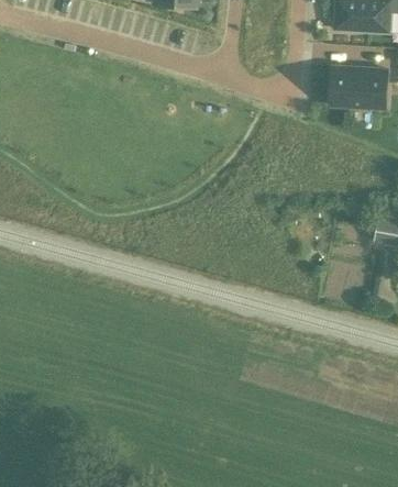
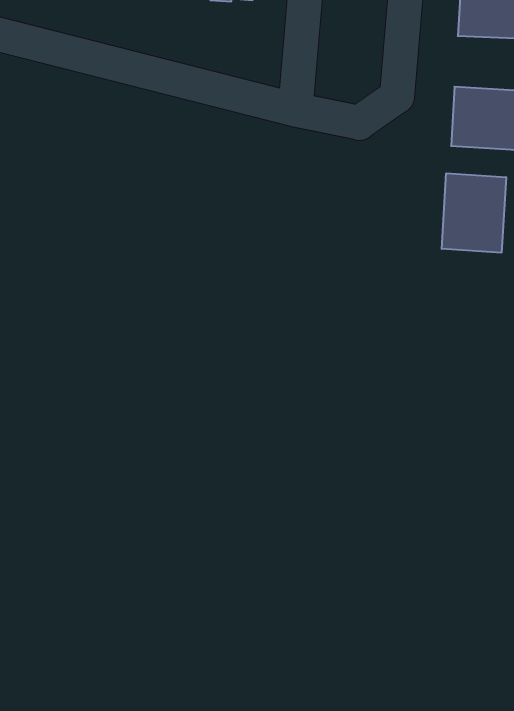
building: none -> [442,173,506,253]

